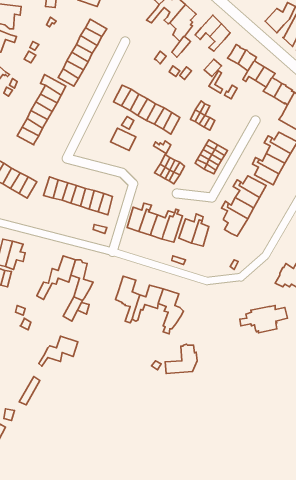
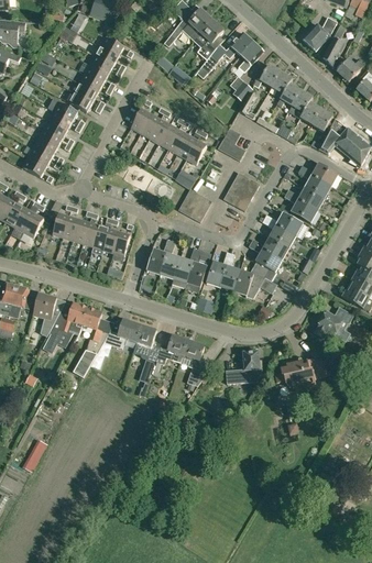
building: none -> [232,262,270,298]
building: none -> [32,294,65,332]
building: [39,336,78,366] -> [98,319,142,353]
building: [165,344,197,373] -> [226,350,262,383]

